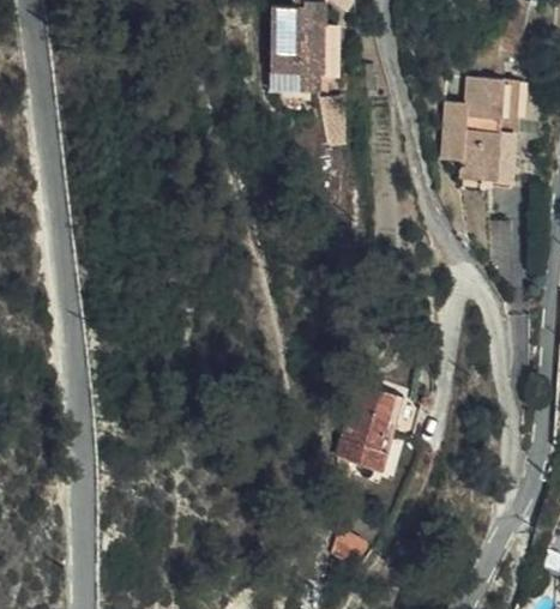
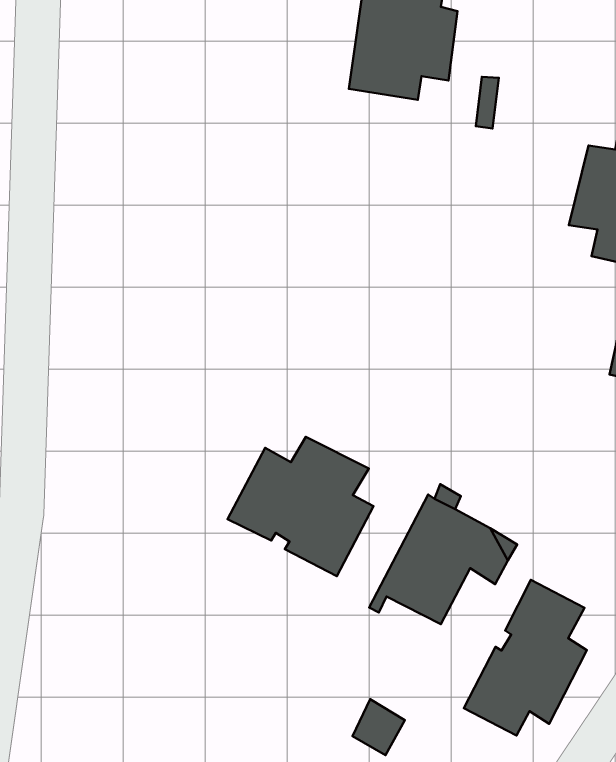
building: none -> [228,437,374,576]
building: none -> [464,580,587,735]

